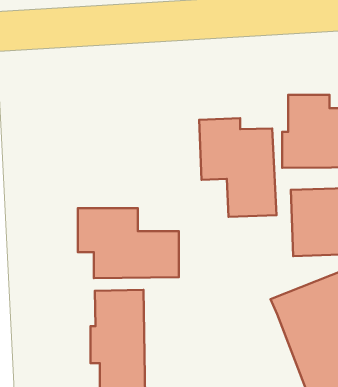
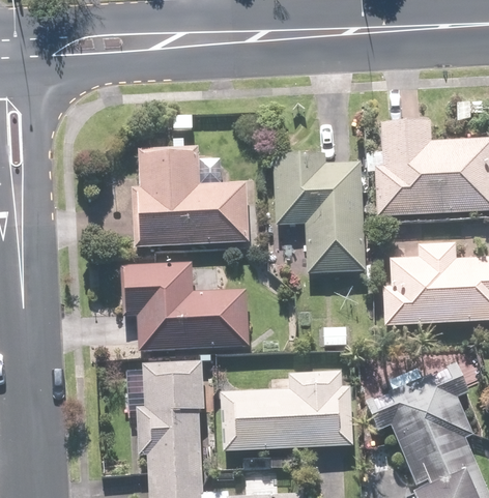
building: none -> [138,146,249,246]
building: none -> [220,371,355,453]

